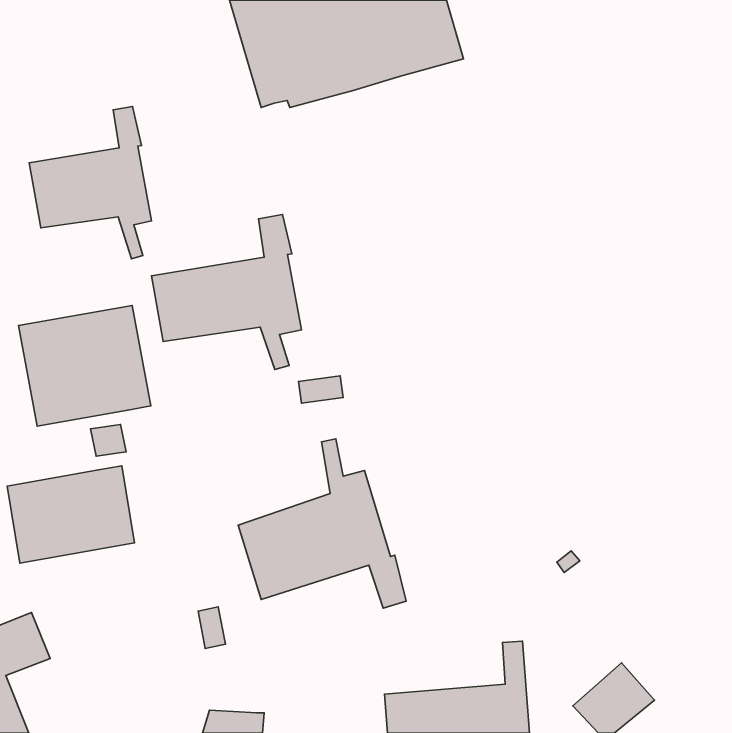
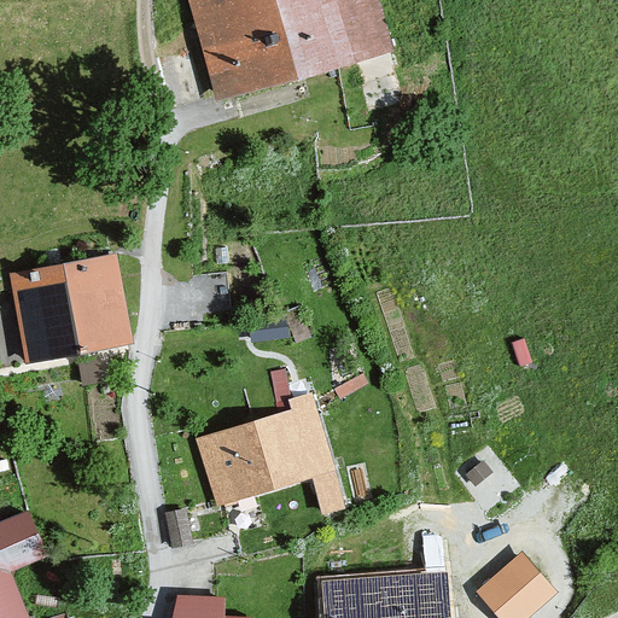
building: [29,107,152,259] -> none
building: [151,215,301,369] -> none
building: [7,466,135,563] -> none

